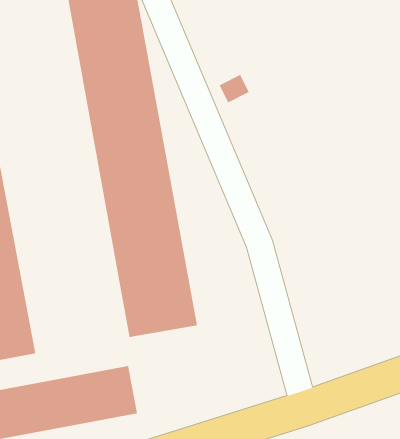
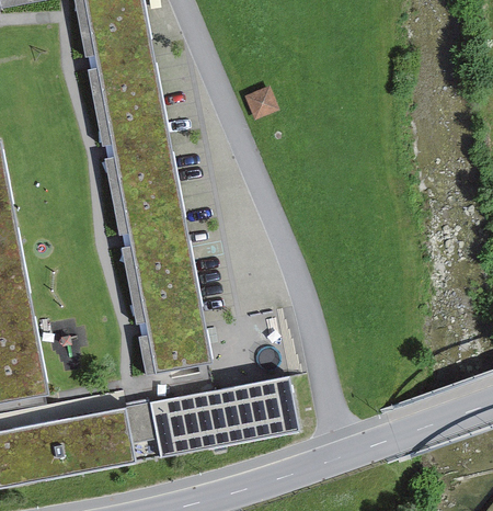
building: none -> [145,375,308,456]

